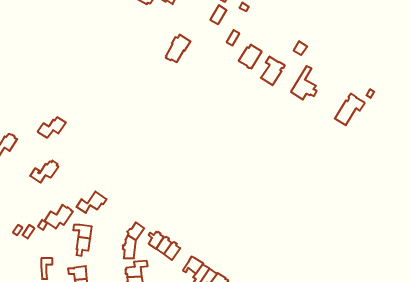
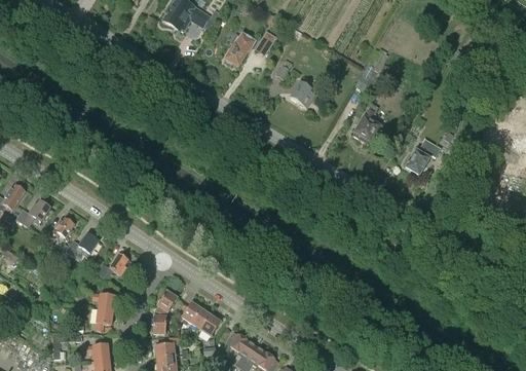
building: [166,35,191,62] -> [225,33,255,66]
building: [261,56,285,85] -> none
building: [38,117,66,138] -> [15,201,49,226]
building: [45,205,73,229] -> [65,232,99,261]

